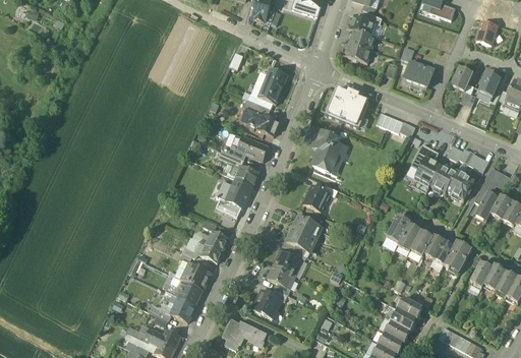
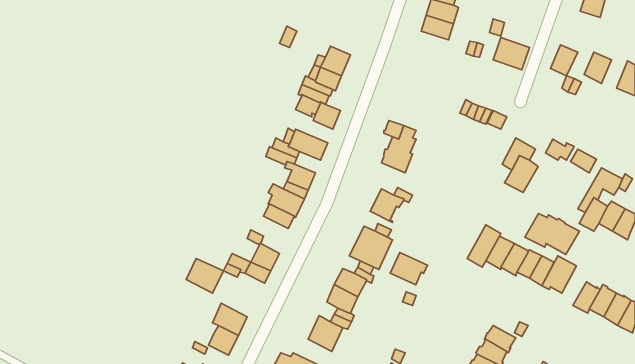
building: [325,86,370,128] -> none
building: [429,167,474,200] -> [525,214,580,255]
building: none -> [390,253,427,285]
building: [181,261,212,290] -> [186,258,224,293]

